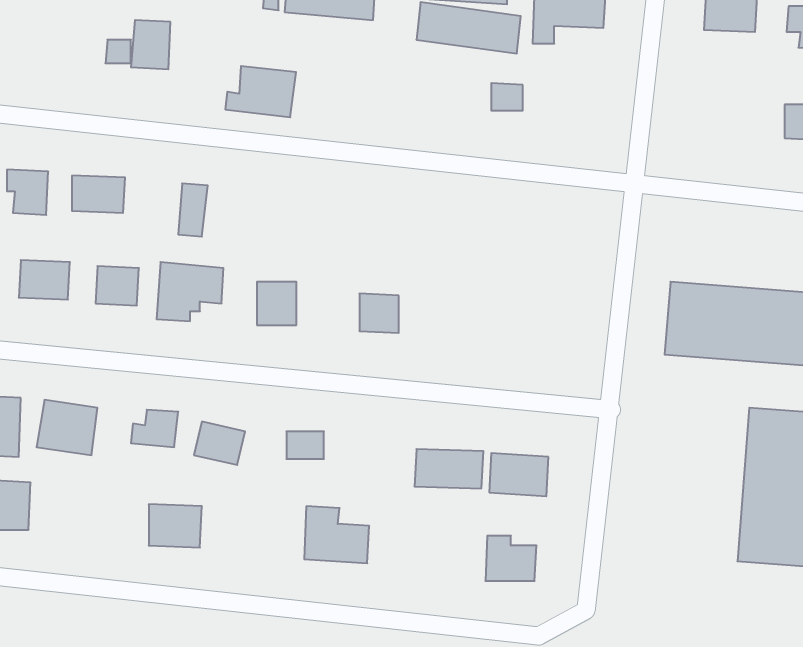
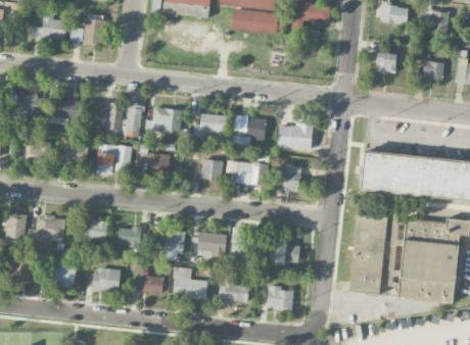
building: none -> [31,12,66,40]
building: [225,66,296,117] -> [145,106,182,133]
building: none -> [375,52,396,71]
building: none -> [126,104,141,137]
building: none -> [194,113,226,140]
building: none -> [232,116,266,145]
building: none -> [277,124,313,149]
building: none -> [226,159,268,186]
building: none -> [282,163,300,192]
building: none -> [348,213,388,293]
building: none -> [193,233,226,256]
building: none -> [52,263,75,287]
building: none -> [138,268,162,293]
building: none -> [218,277,249,302]

